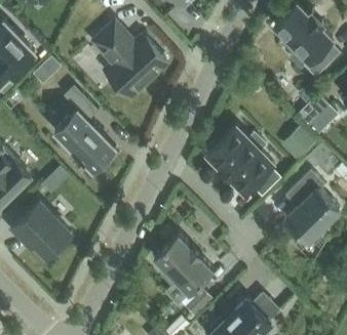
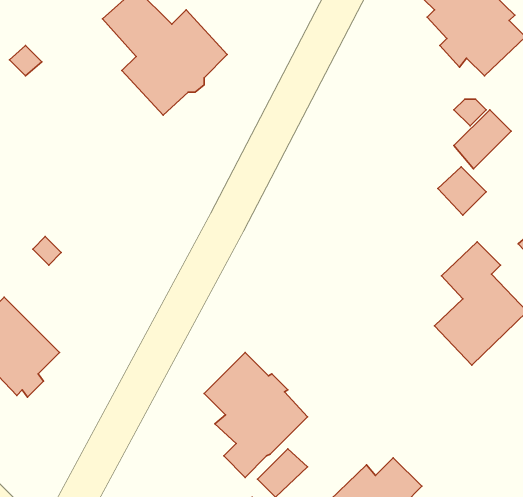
building: [54,88,115,172] -> none
building: [206,128,279,197] -> none

